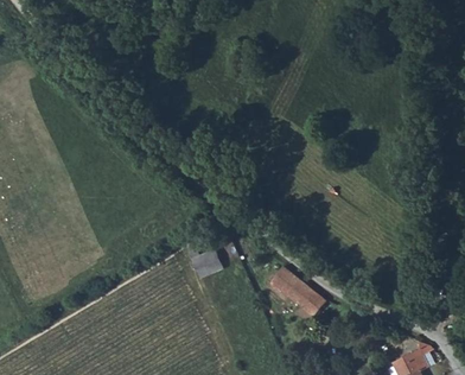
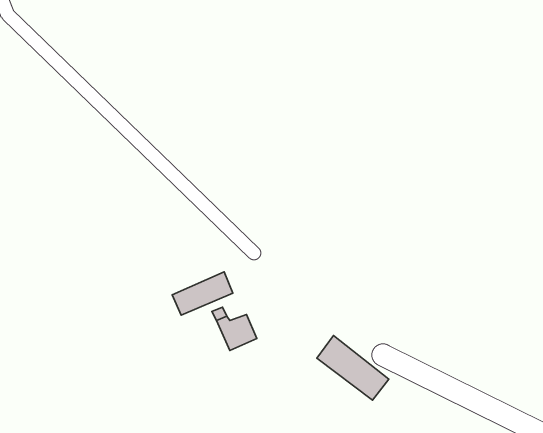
building: none -> [172,272,233,315]

